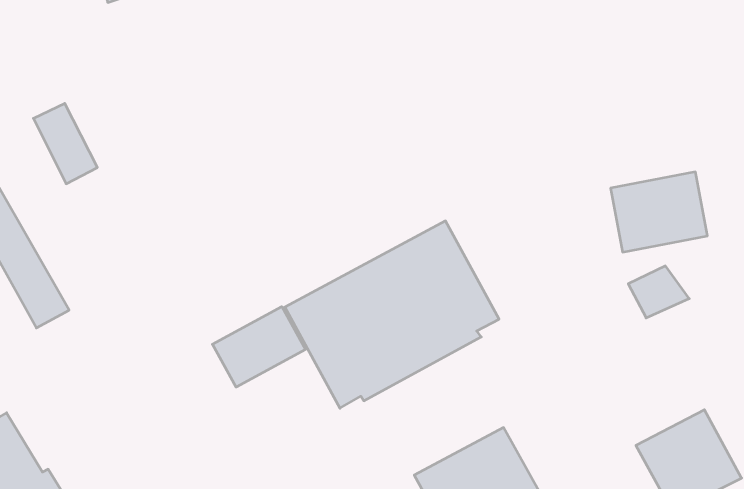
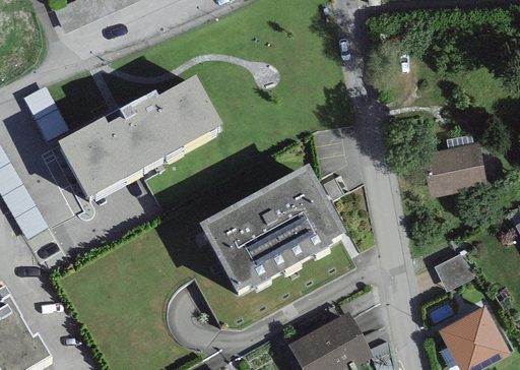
building: none -> [56,82,221,204]
building: [628,266,689,318] -> [433,251,474,287]
building: [212,307,305,387] -> none

